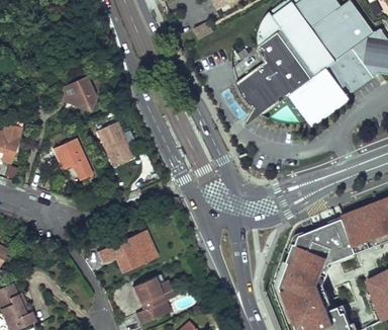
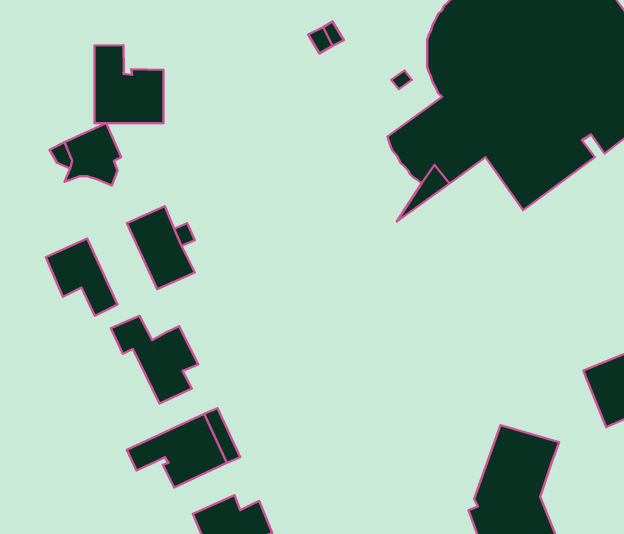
building: none -> [95,45,163,123]
building: none -> [111,316,198,403]
building: [297,213,357,259] -> none

